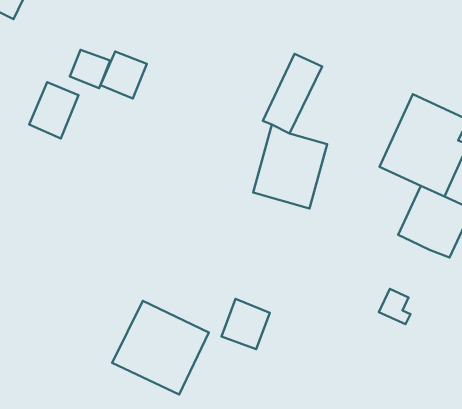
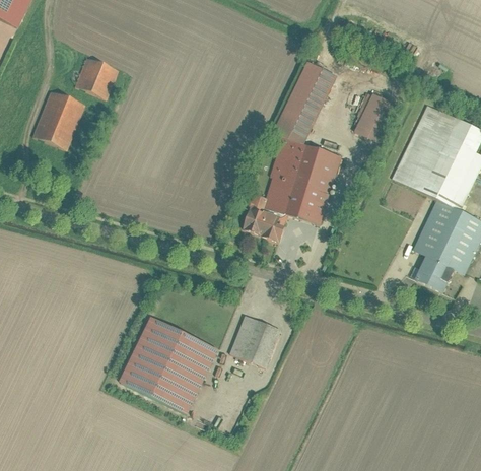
building: [101,51,147,98] -> none
building: none -> [355,92,393,139]
building: none -> [243,194,284,240]
building: [379,289,410,324] -> [415,255,448,291]

